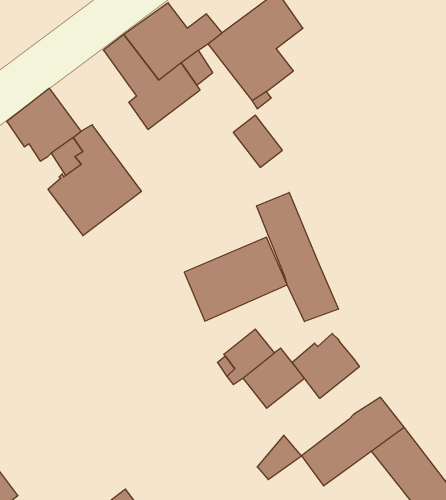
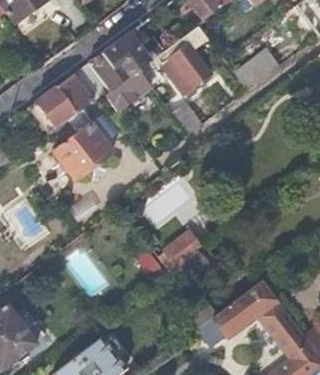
building: none -> [236,52,279,91]
building: none -> [55,62,110,113]
building: [256,192,338,322] -> none
building: [292,333,359,398] -> none

